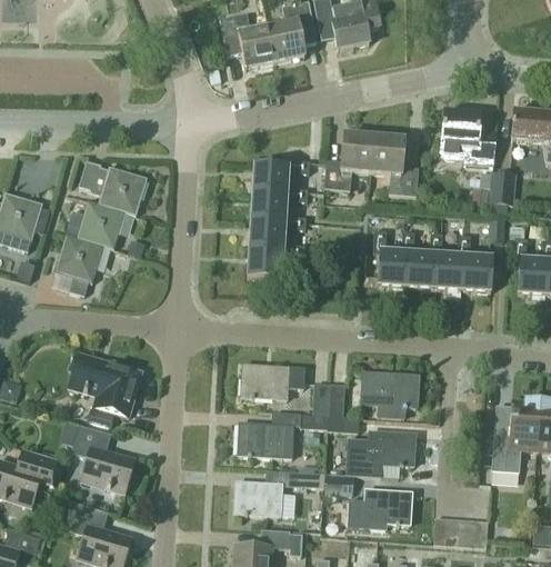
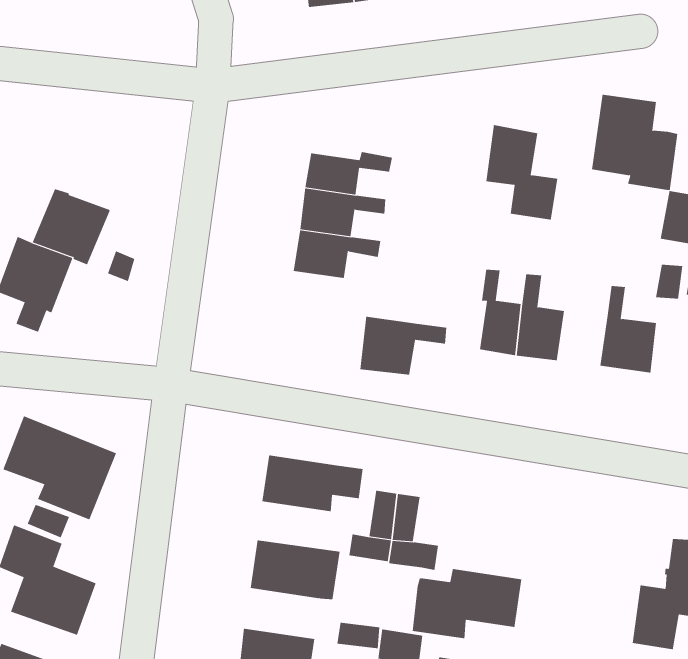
building: [324,133,373,190] -> none
building: [79,161,148,216] -> none
building: [428,233,458,289] -> none
building: [248,242,303,279] -> [360,316,447,375]
building: [360,372,419,418] -> none

